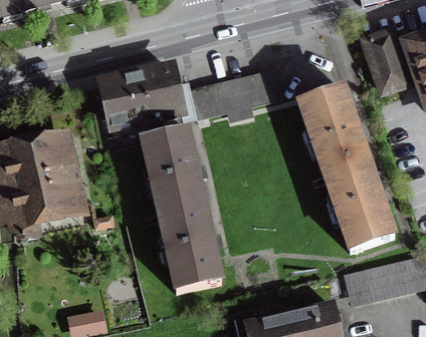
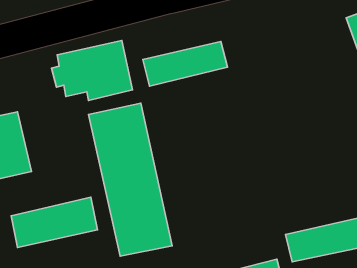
building: [364,33,407,93] -> none
building: [300,83,399,247] -> none
building: none -> [11,197,98,248]

